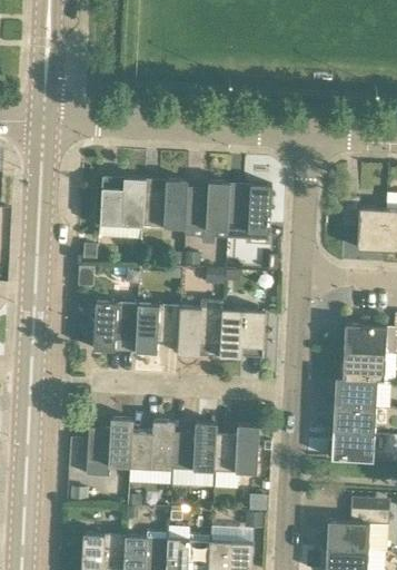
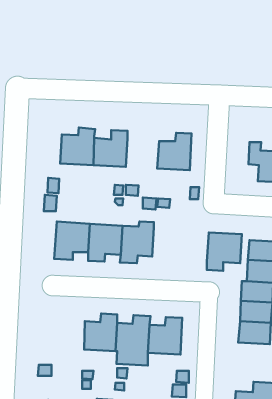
building: [185,183,229,232] -> none
building: [219,308,265,358] -> [207,232,242,271]
building: [81,419,132,476] -> none

